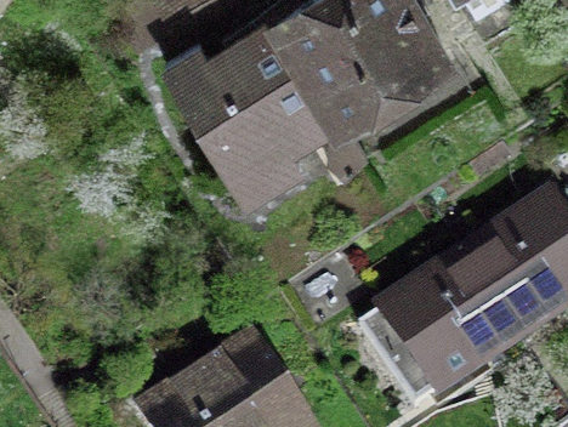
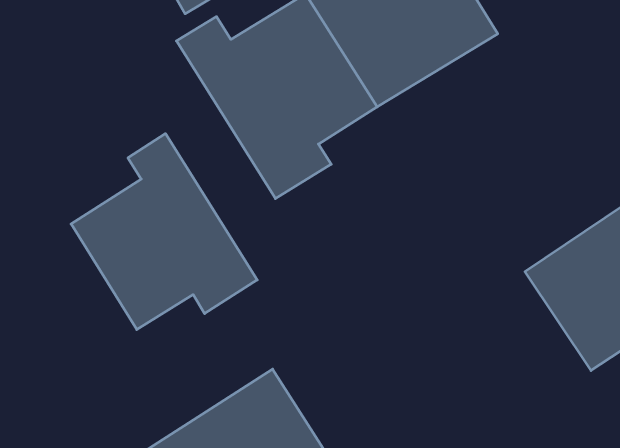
building: none -> [71,134,257,330]
building: [384,257,523,392] -> none

